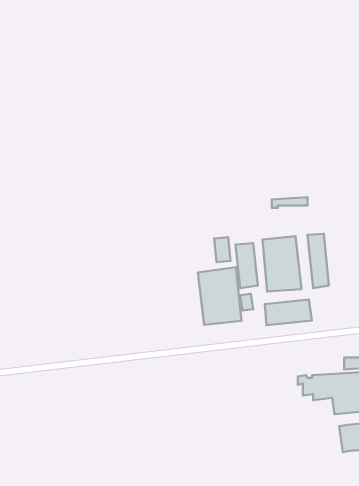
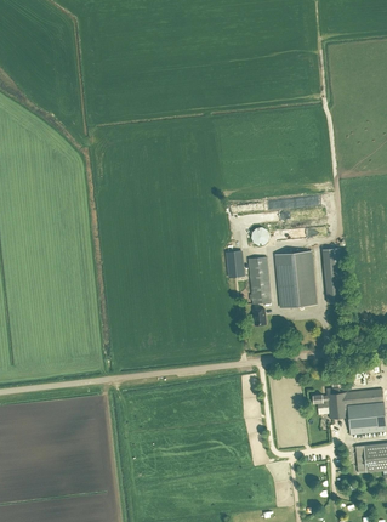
building: [198,267,241,325] -> none
building: [265,300,312,325] -> none

